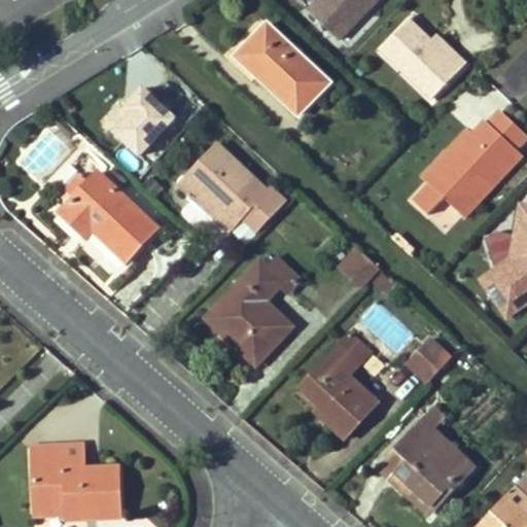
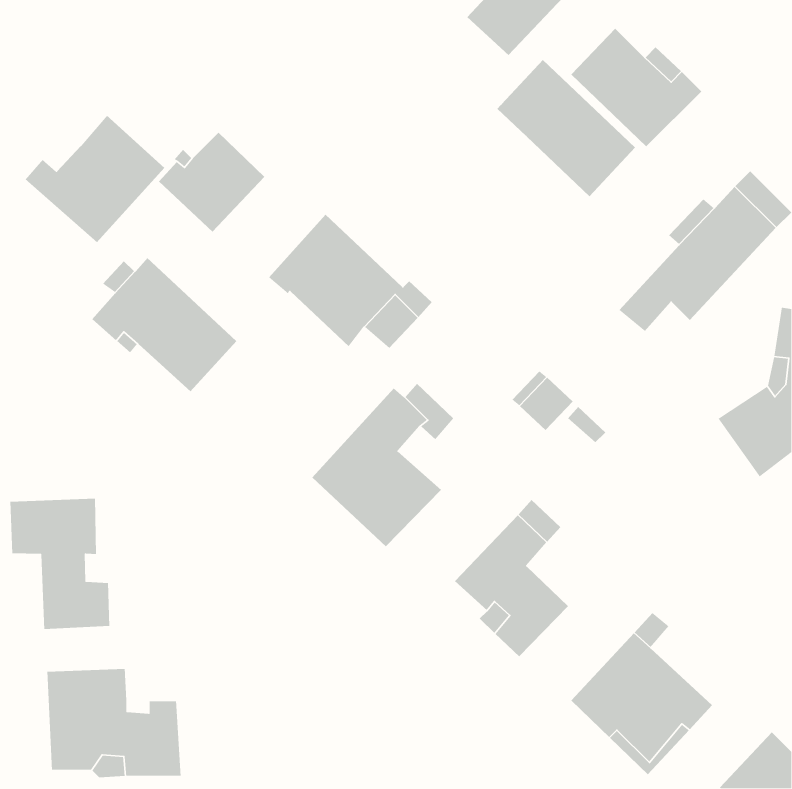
building: [237,23,329,114] -> [496,59,636,197]
building: none -> [25,115,165,243]
building: none -> [10,498,110,630]
building: [408,341,450,383] -> none

